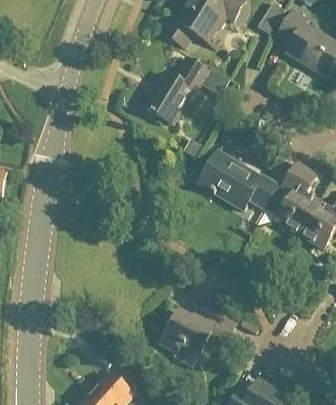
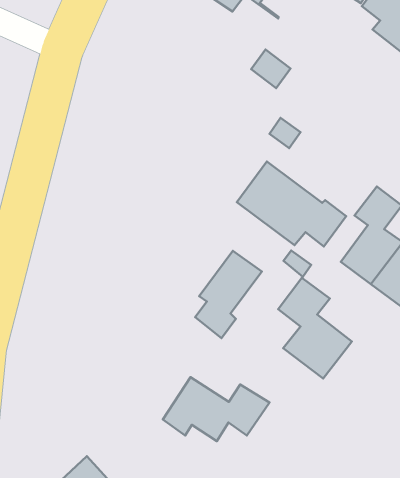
building: [145,57,208,123] -> none
building: none -> [195,251,262,338]
building: none -> [278,278,352,378]

